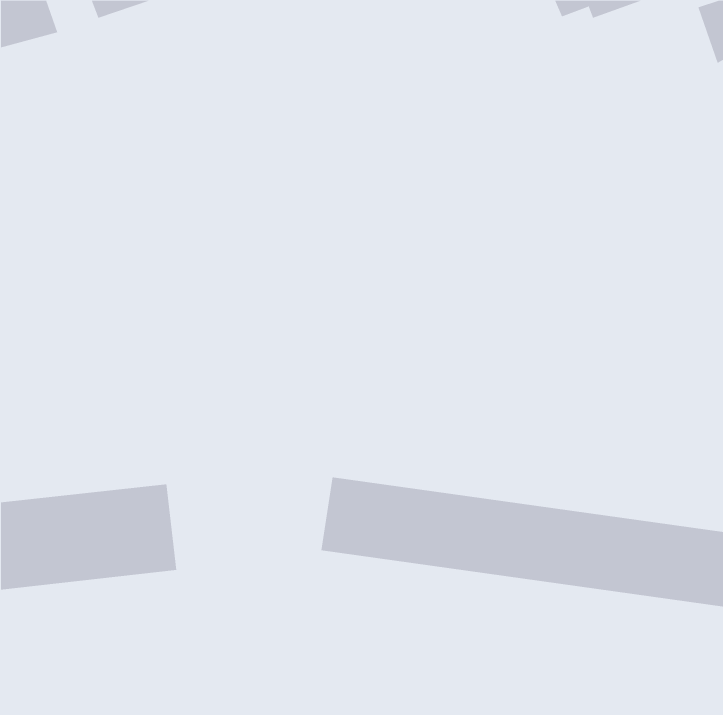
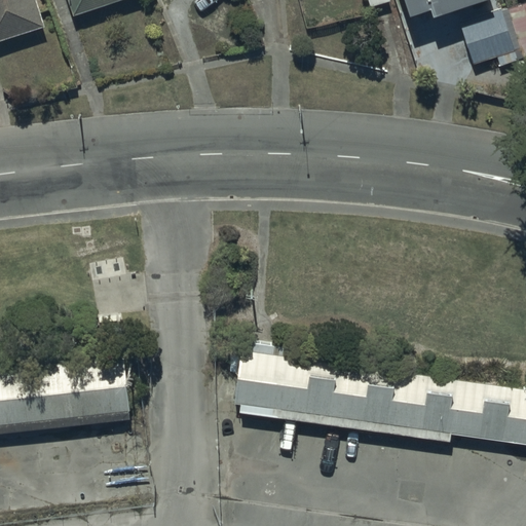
building: none -> [457,14,513,71]

